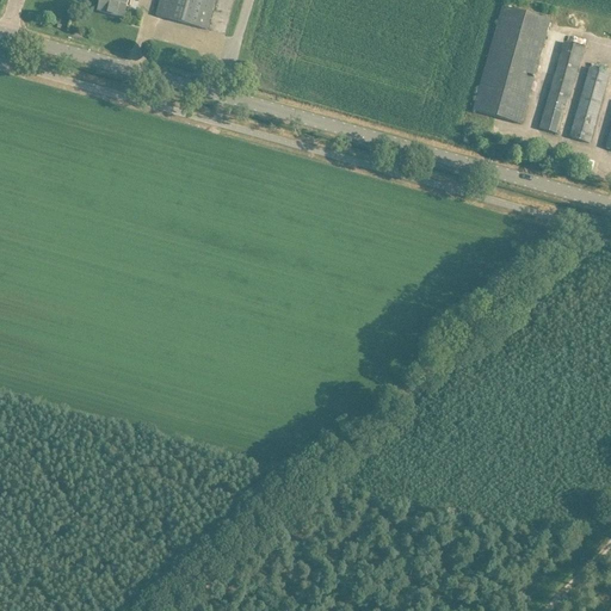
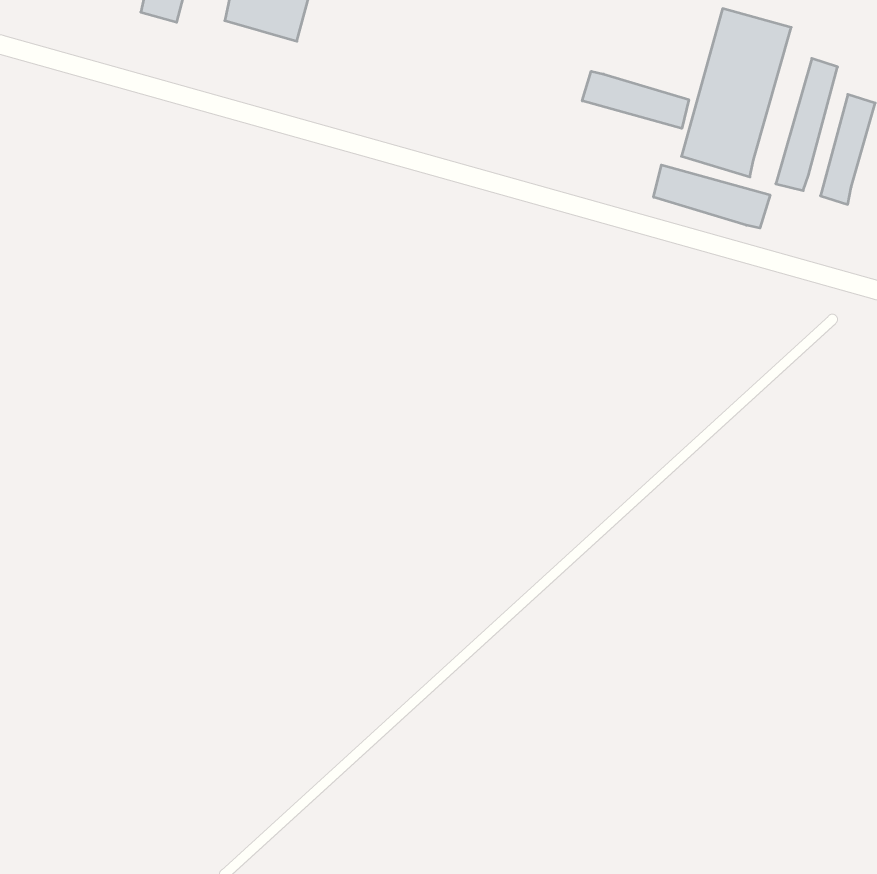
building: none -> [582,71,689,128]
building: none -> [654,165,770,228]

